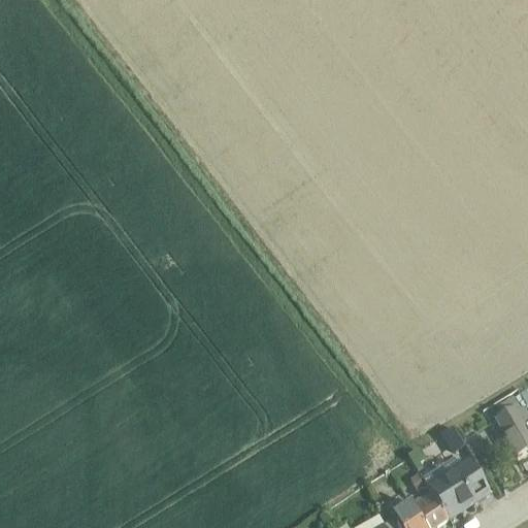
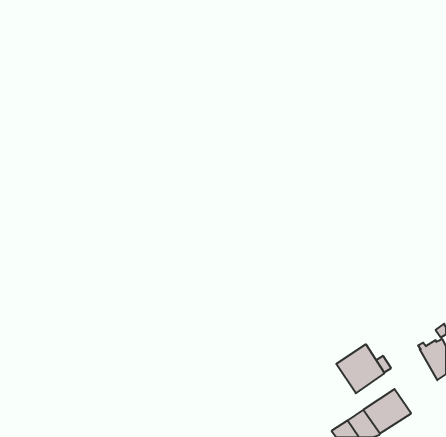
building: none -> [336,344,384,393]

